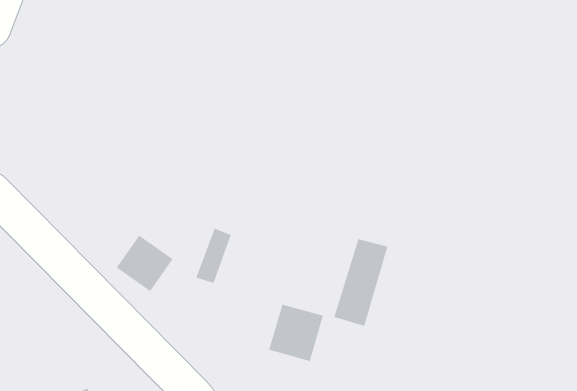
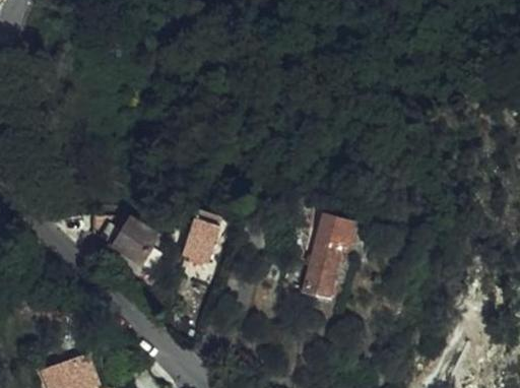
building: [269,304,324,362] -> none

